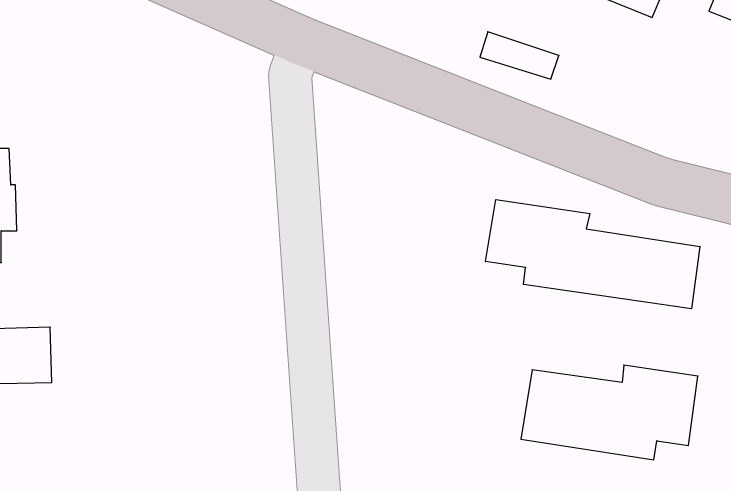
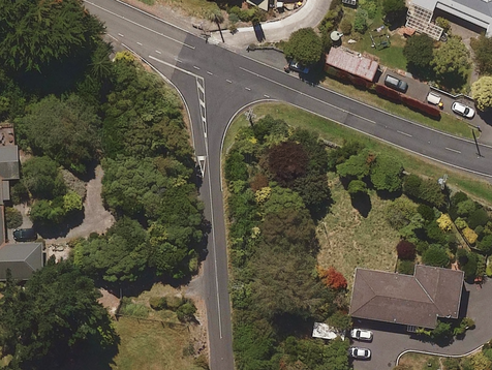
building: [486,200,700,309] -> none

